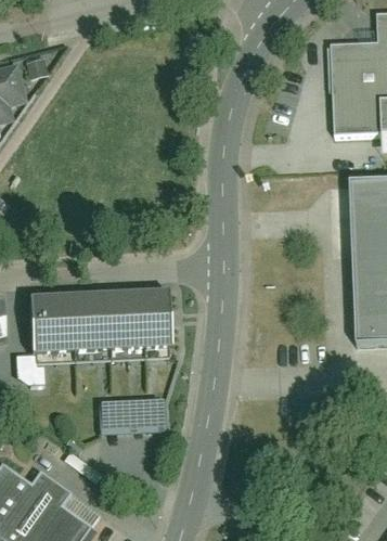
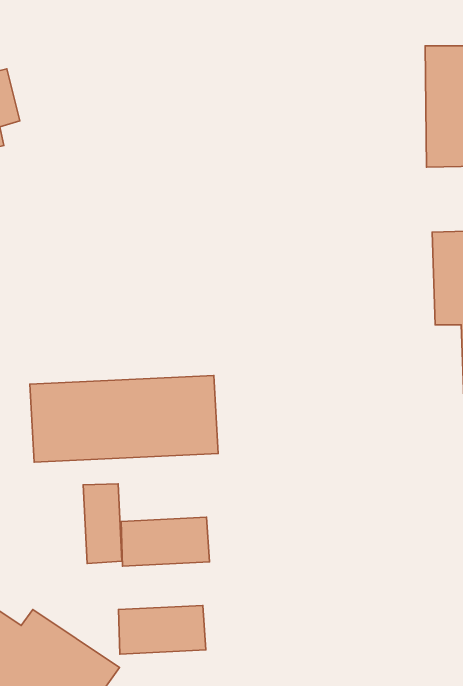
building: none -> [83,484,122,563]
building: none -> [118,605,206,654]

